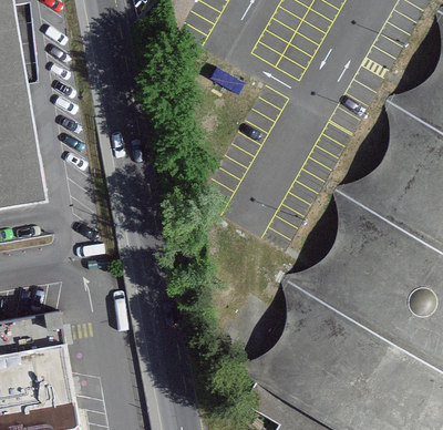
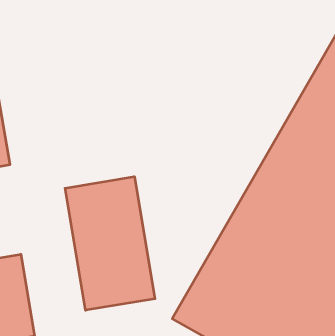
building: none -> [65,177,155,310]

